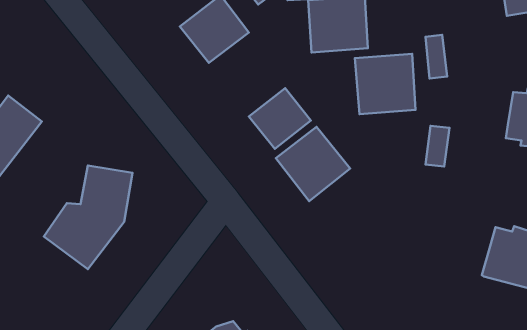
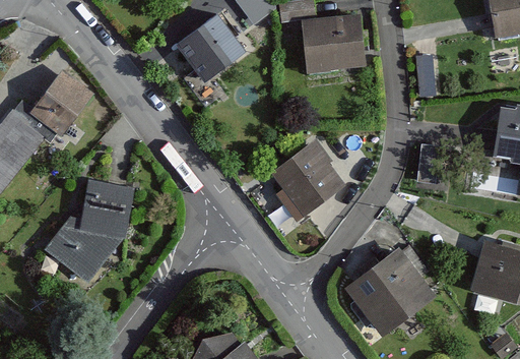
building: none -> [11,70,92,141]
building: [355,54,415,114] -> none
building: [249,88,311,149] -> none
building: none -> [345,247,434,336]

